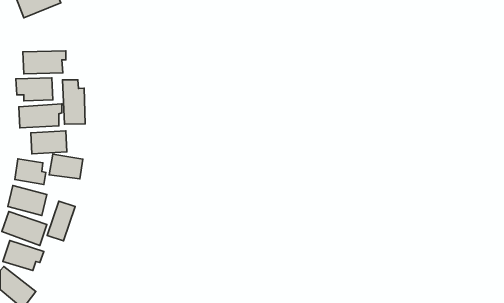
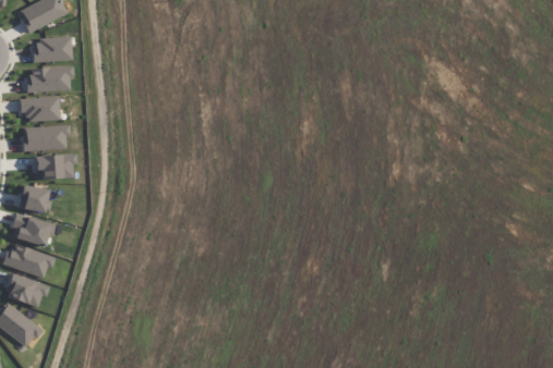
building: none -> [32,37,71,61]
building: [63,80,85,124] -> none
building: [49,154,83,179] -> none
building: [47,201,75,241] -> none

